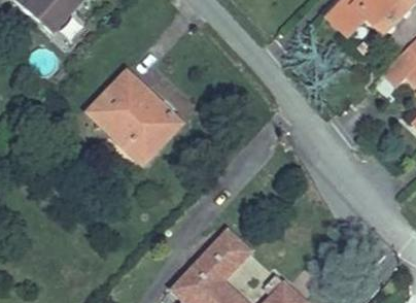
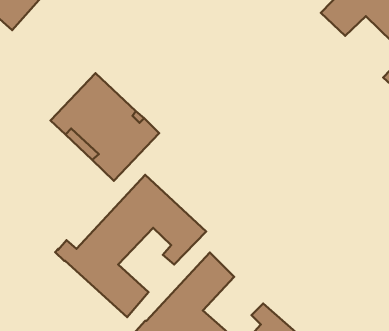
building: none -> [55,175,206,317]

